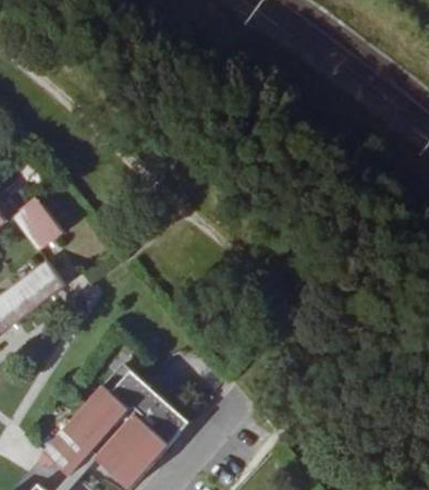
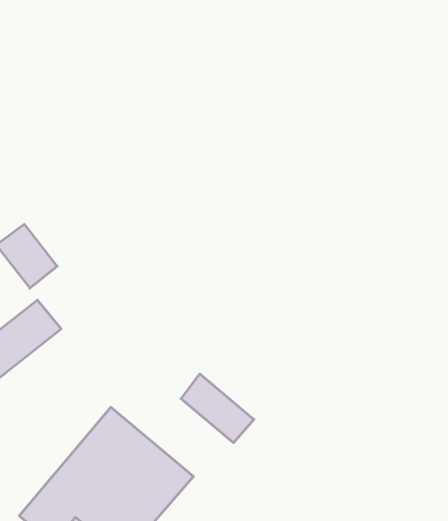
building: none -> [181,374,254,443]

